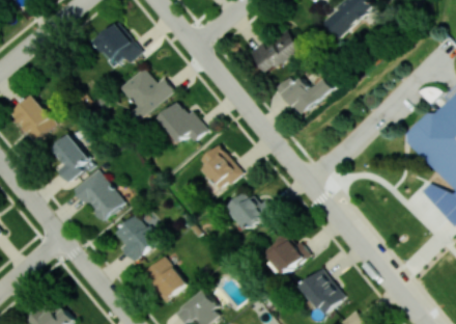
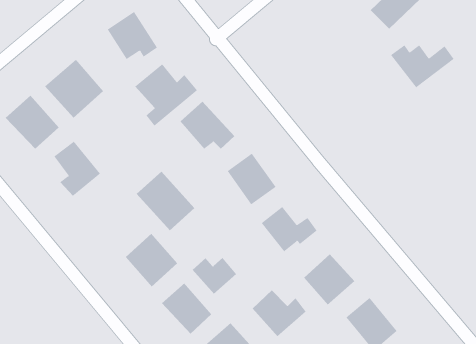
building: [249,29,301,75] -> none
building: none -> [44,59,104,118]
building: [277,78,332,115] -> [390,44,455,88]
building: [73,170,123,222] -> [136,171,195,231]
building: none -> [192,257,237,294]
building: none -> [252,290,306,337]

